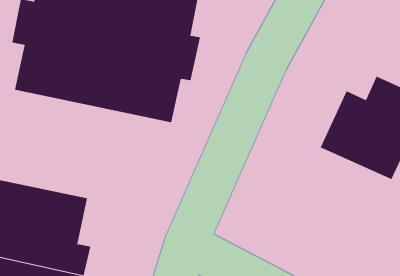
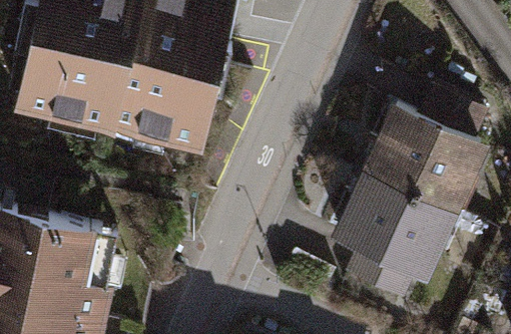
building: none -> [338,174,449,299]

